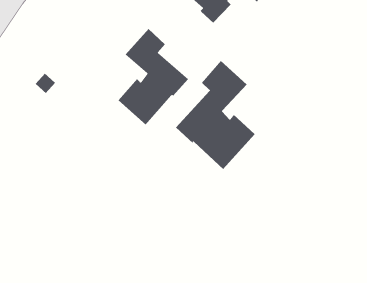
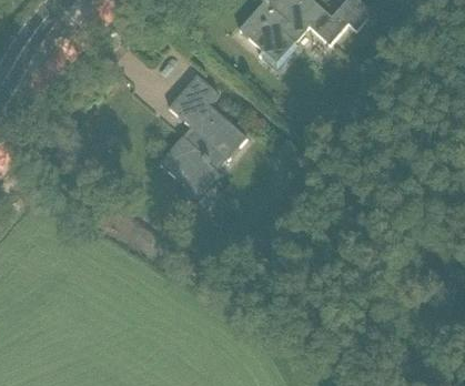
building: [175,60,255,170] -> none

